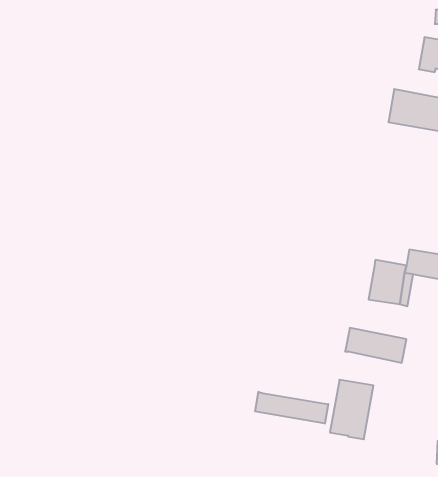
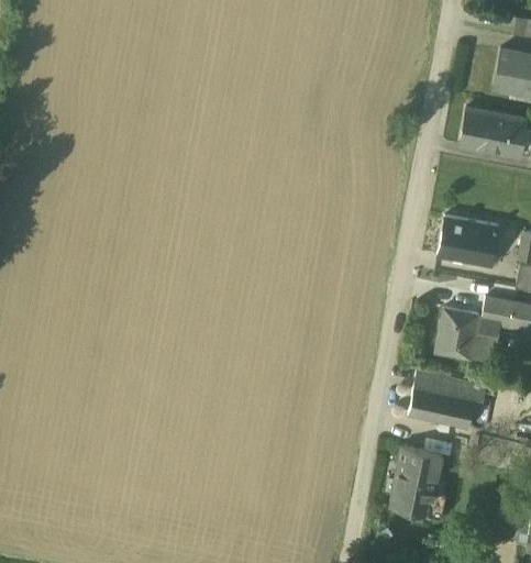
building: none -> [440,217,500,264]
building: none -> [416,368,486,400]
building: [255,392,328,424] -> none

